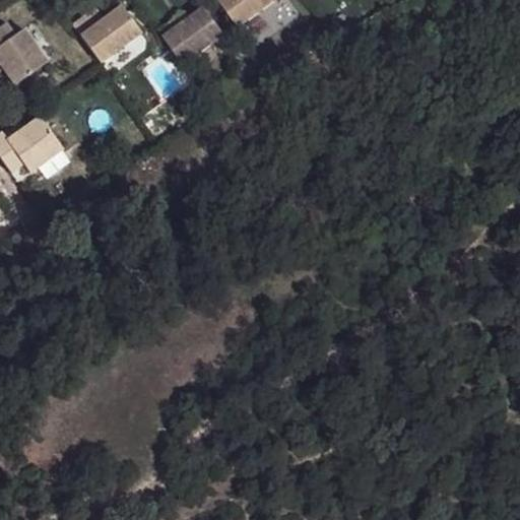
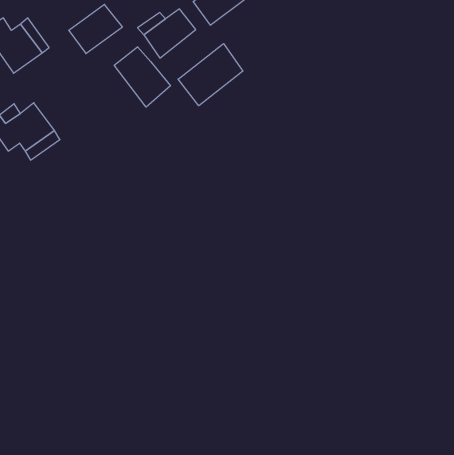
building: none -> [178,44,243,106]
building: none -> [114,47,170,107]

